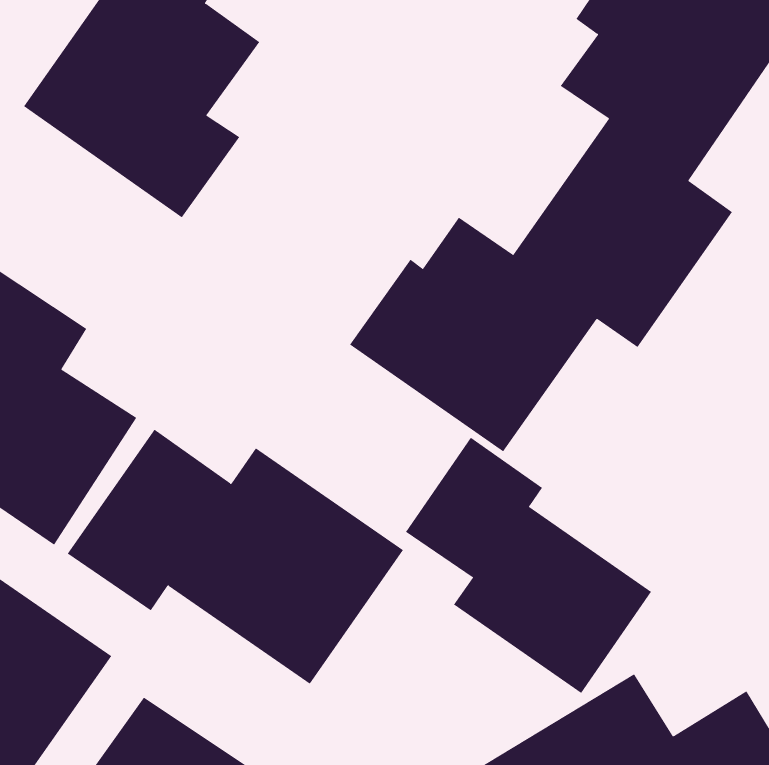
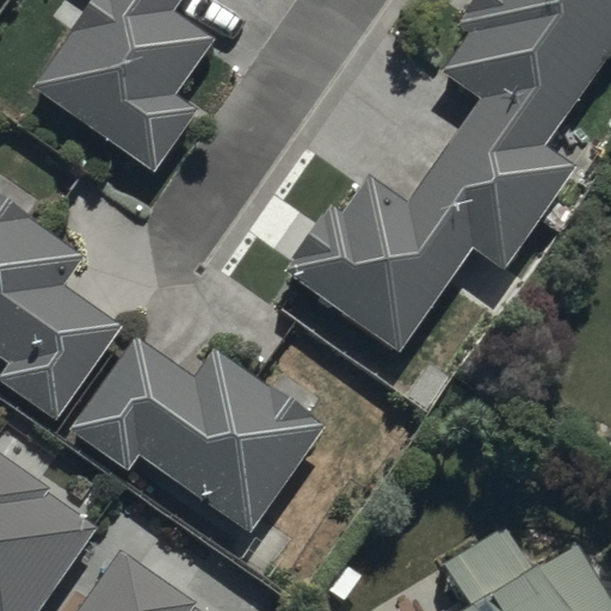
building: [405,437,652,694] -> none

